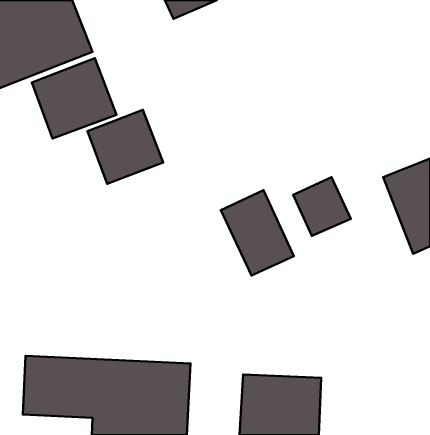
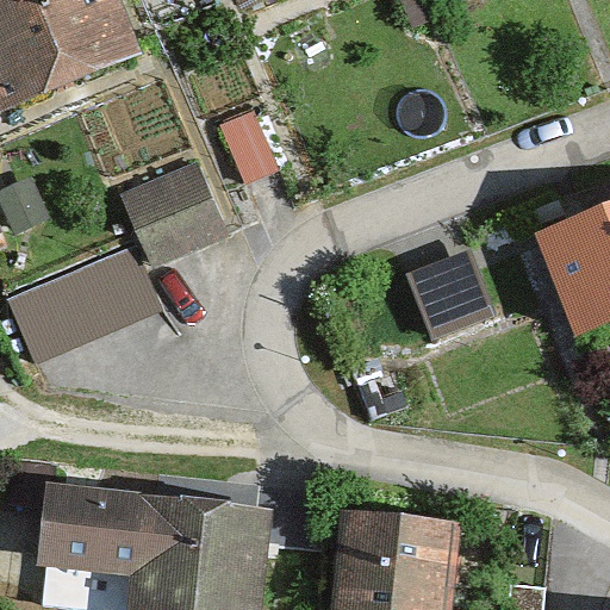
building: [32,58,116,139] -> none
building: none -> [10,239,161,350]
building: [221,190,294,276] -> none

